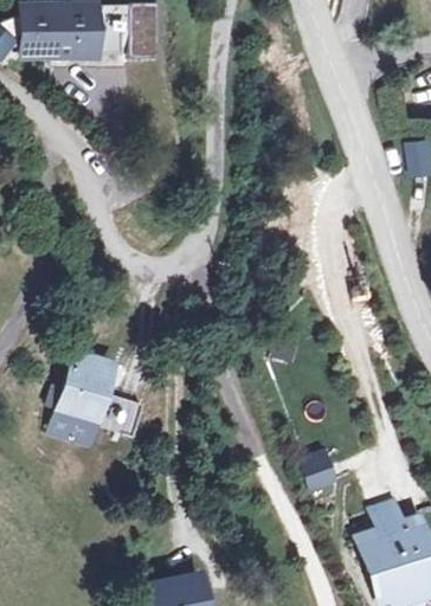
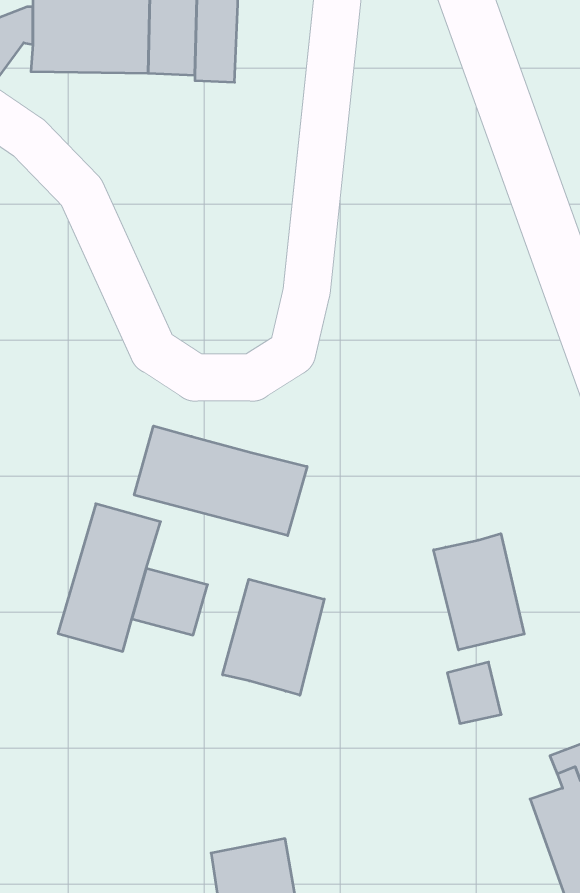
building: none -> [134,426,307,536]
building: none -> [434,534,524,650]
building: none -> [223,579,324,695]

